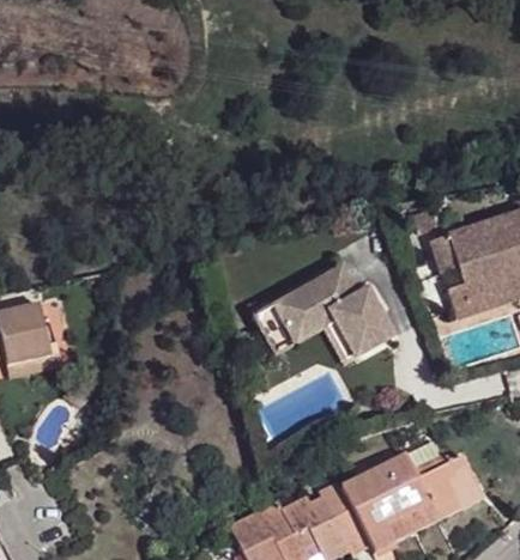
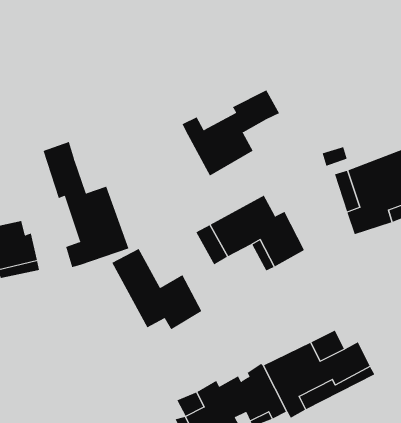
building: none -> [182,89,280,176]
building: none -> [43,141,129,268]
building: none -> [112,248,202,330]

